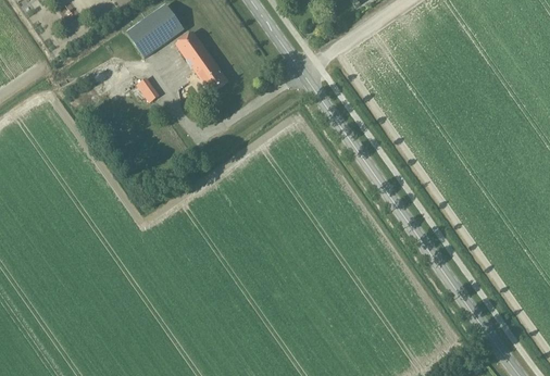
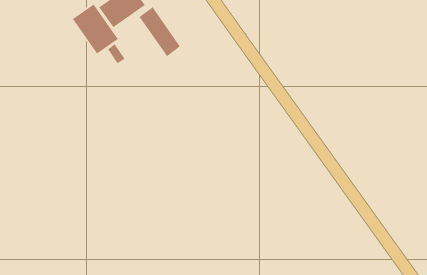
building: none -> [72,4,119,55]

